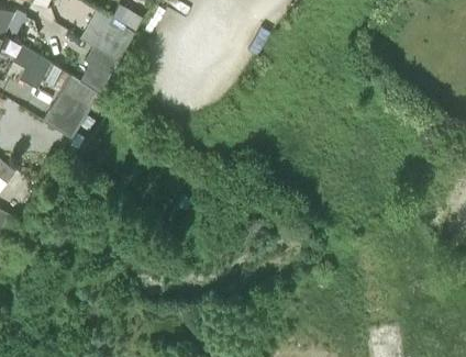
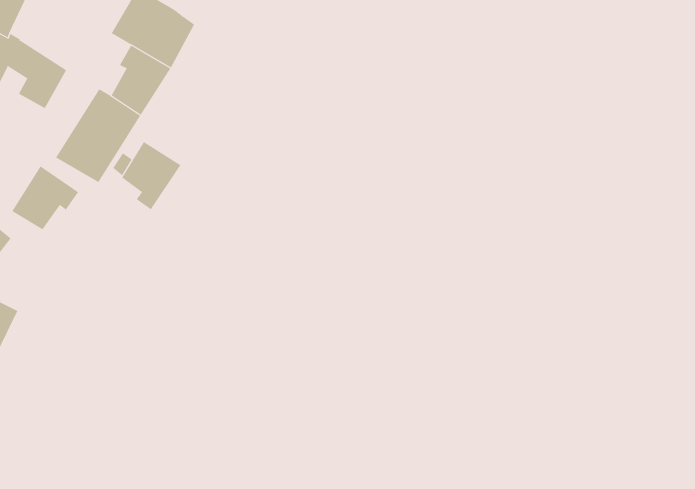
building: none -> [122,141,181,210]
building: none -> [12,165,79,230]

